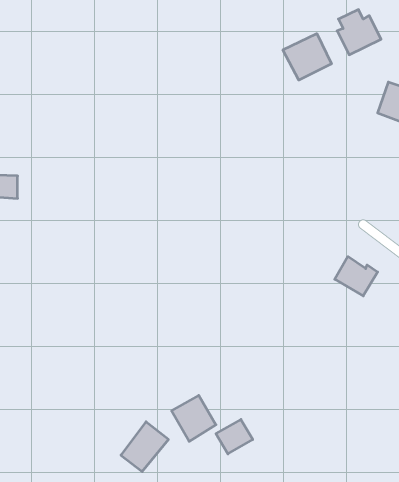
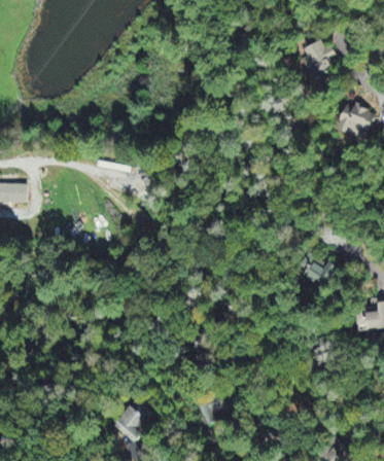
building: [283,34,331,80] -> none
building: [172,395,216,441] -> none

